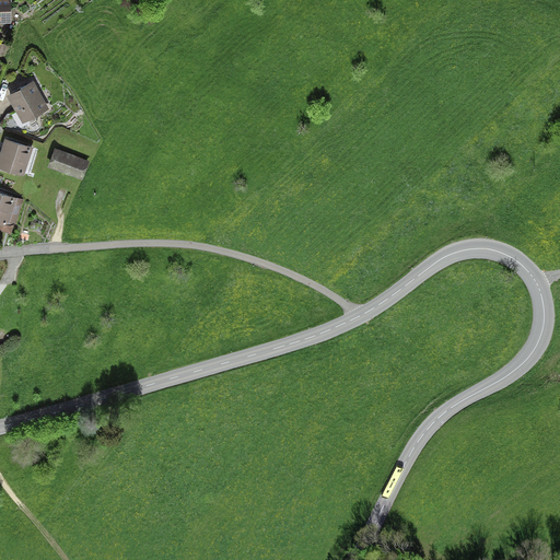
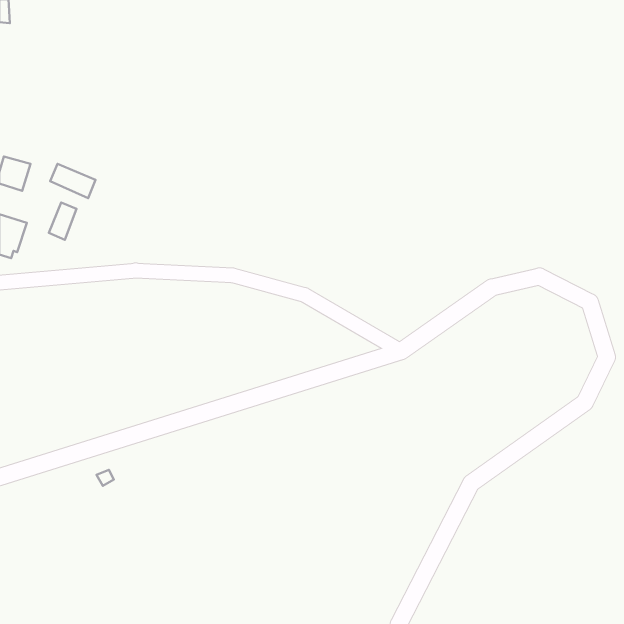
building: [5,80,48,122] -> none
building: none -> [49,203,77,240]

